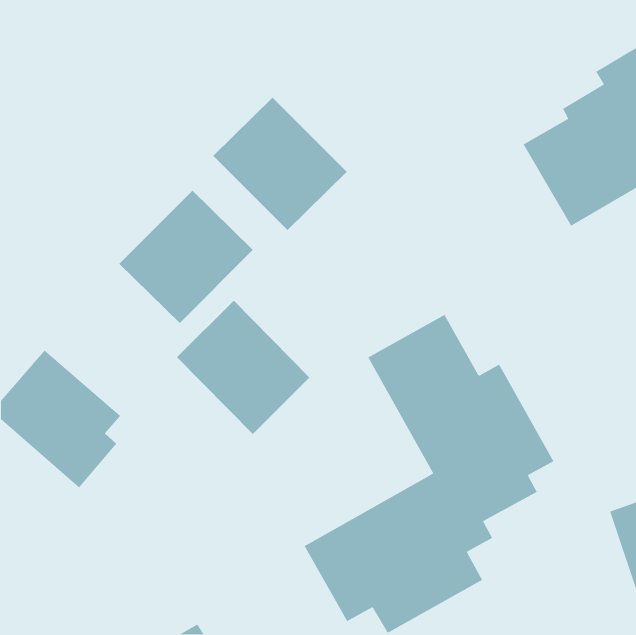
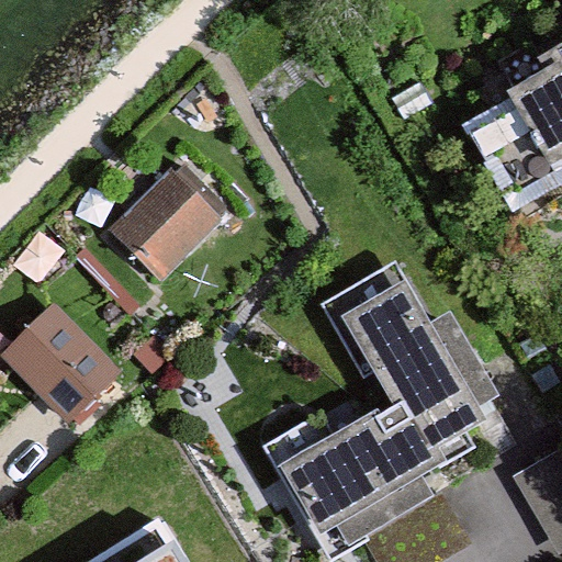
building: [212,97,348,231] -> none
building: [176,300,310,435] -> none

